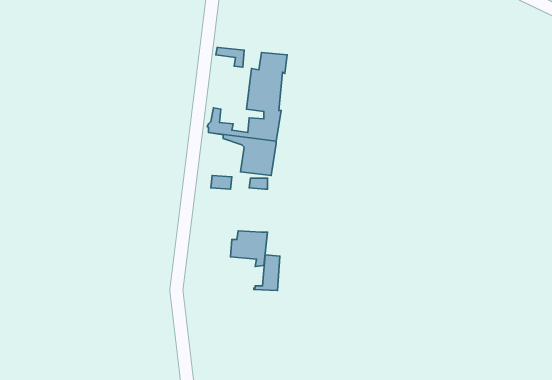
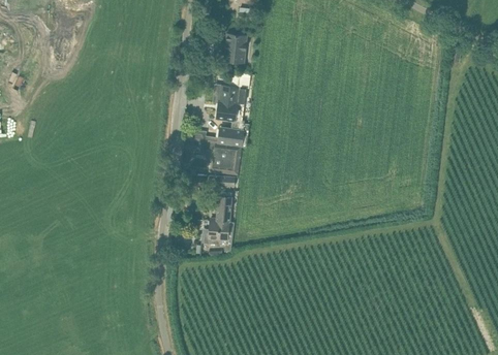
building: none -> [222,33,247,62]
building: [254,255,280,291] -> [210,192,231,222]

